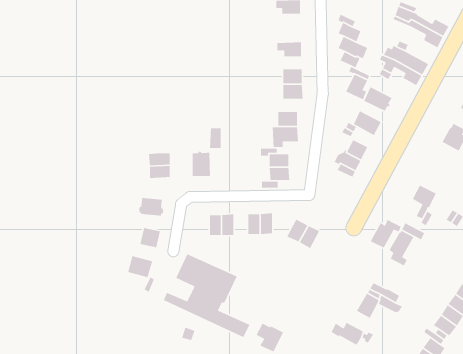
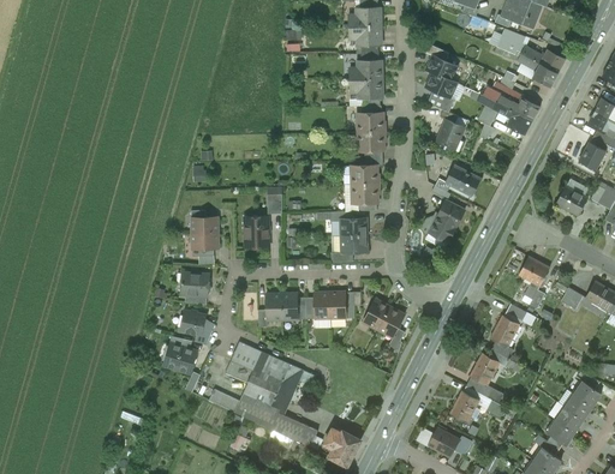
building: none -> [351,60,382,80]
building: [363,86,393,112] -> none
building: [370,219,402,249] -> [470,349,509,386]

